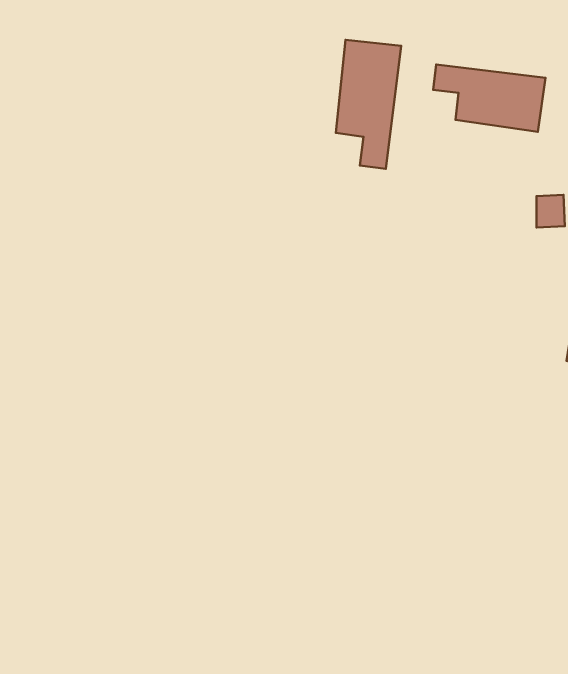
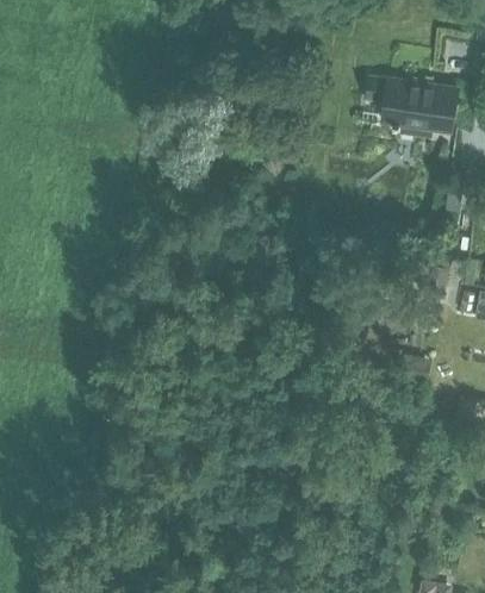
building: [336,40,401,169] -> none

